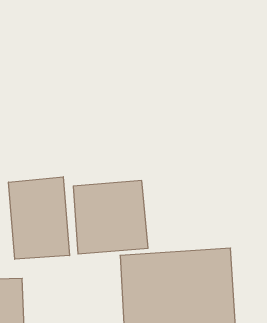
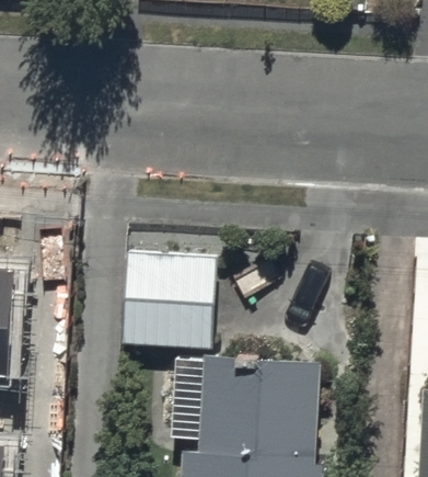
building: [9,177,70,259] -> none

